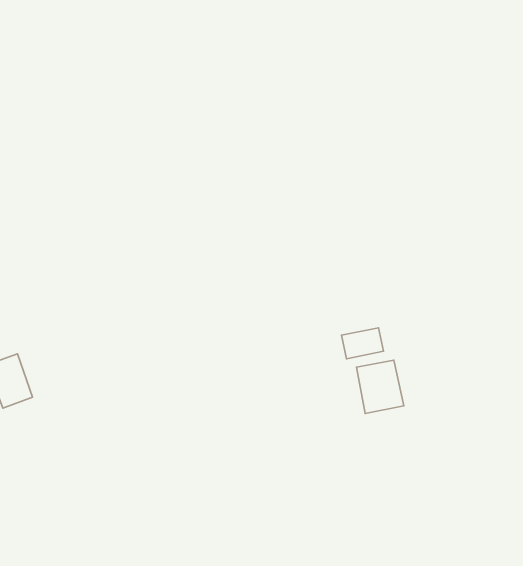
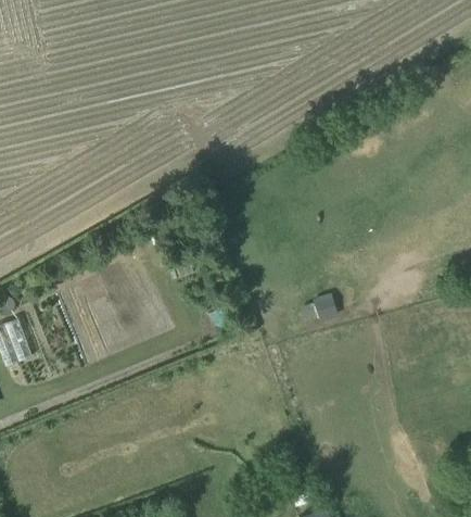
building: [356,360,404,414] -> none

